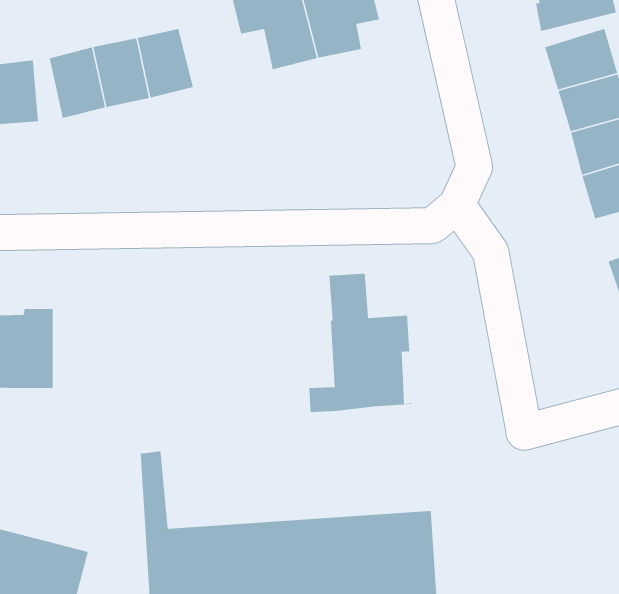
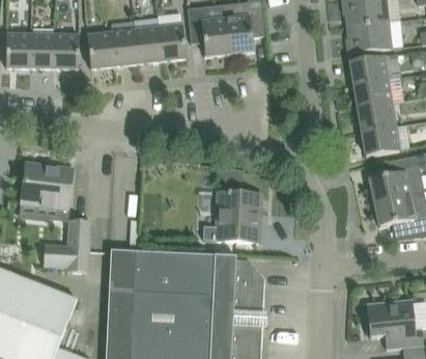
building: none -> [159,25,187,60]
building: none -> [44,220,90,272]
building: none -> [121,250,262,299]

